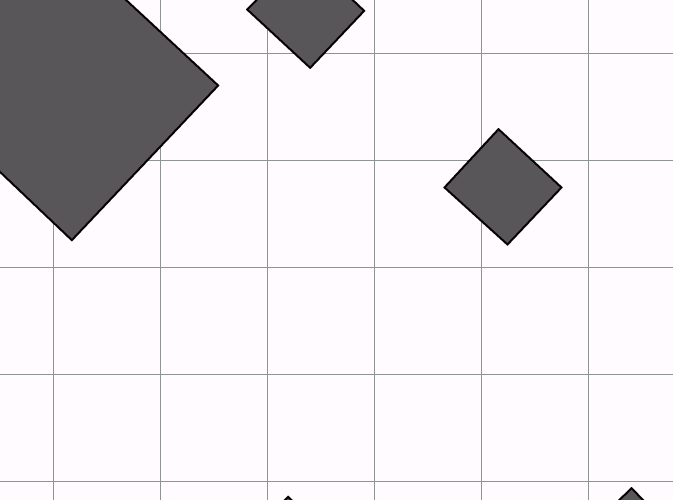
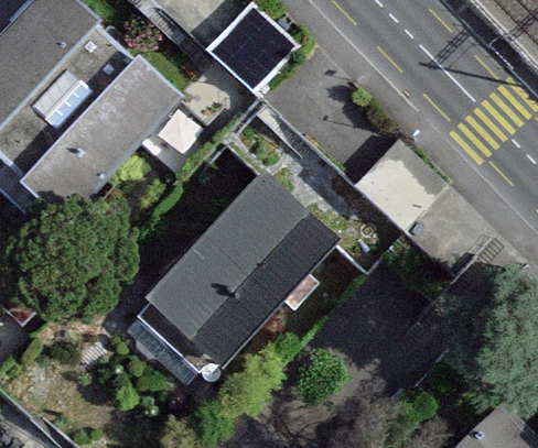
building: none -> [143,192,319,369]

